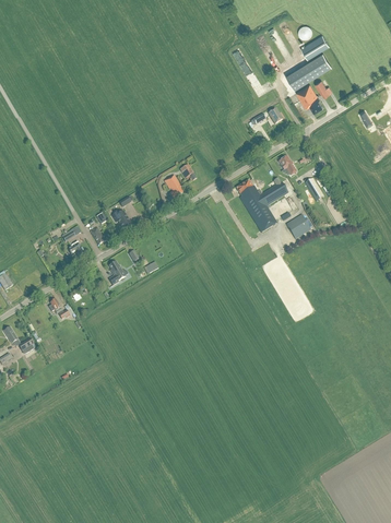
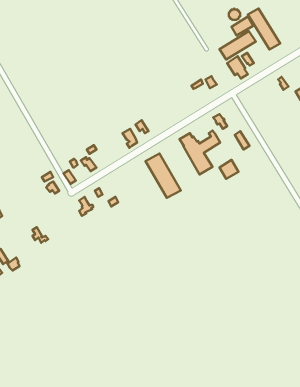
building: none -> [248,9,280,49]
building: none -> [145,154,181,198]

